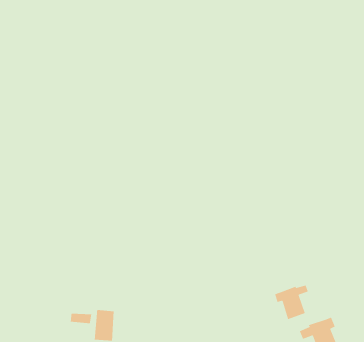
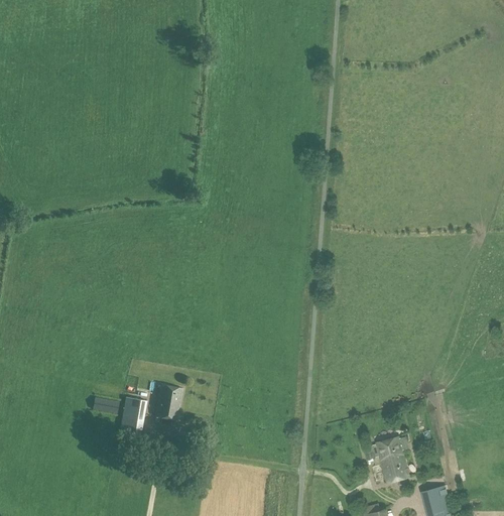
building: [274,284,309,320] -> none
building: none -> [155,385,182,420]

